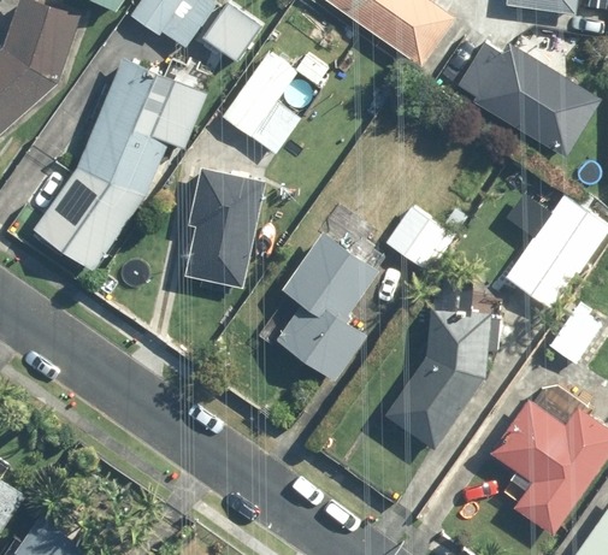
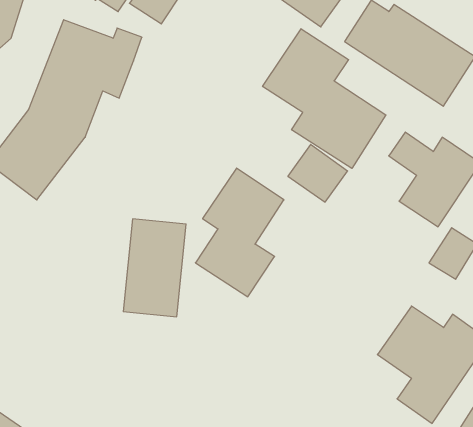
building: [220,51,302,157] -> none
building: none -> [263,29,386,168]
building: [187,171,260,285] -> [123,219,186,317]
building: [384,307,501,450] -> none

